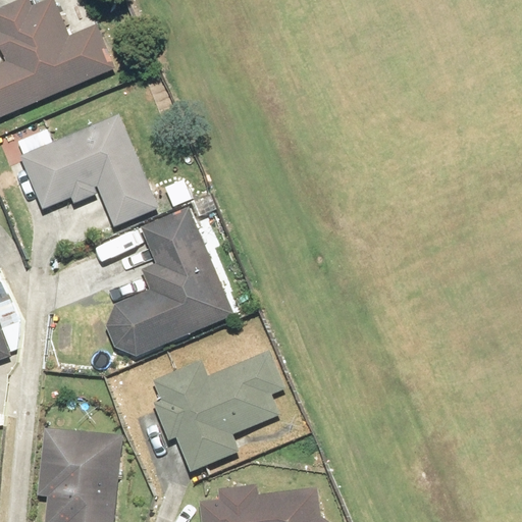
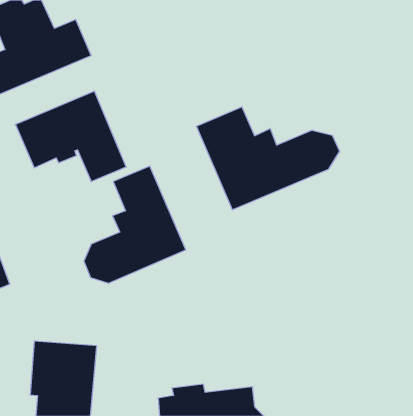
building: none -> [197,107,340,210]
building: [152,348,286,473] -> none

